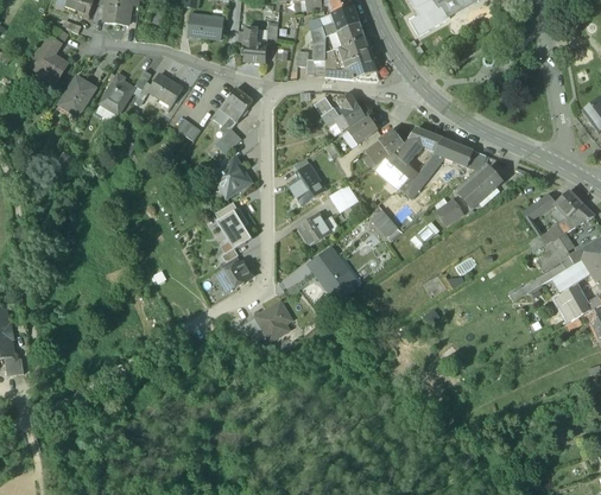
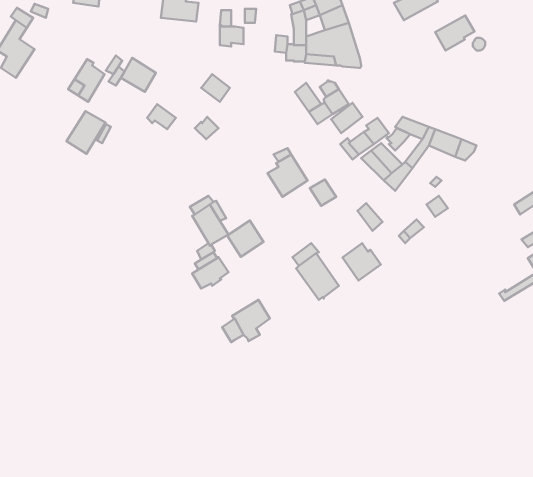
building: none -> [435,16,475,50]
building: [59,75,96,115] -> [67,111,105,154]
building: [211,99,243,133] -> none
building: [214,154,251,196] -> none
building: [460,166,501,207] -> none
building: [297,211,331,246] -> [227,220,263,257]
building: none -> [342,243,381,281]

